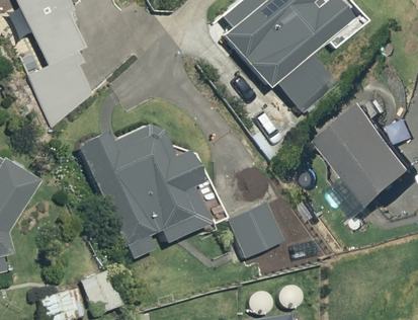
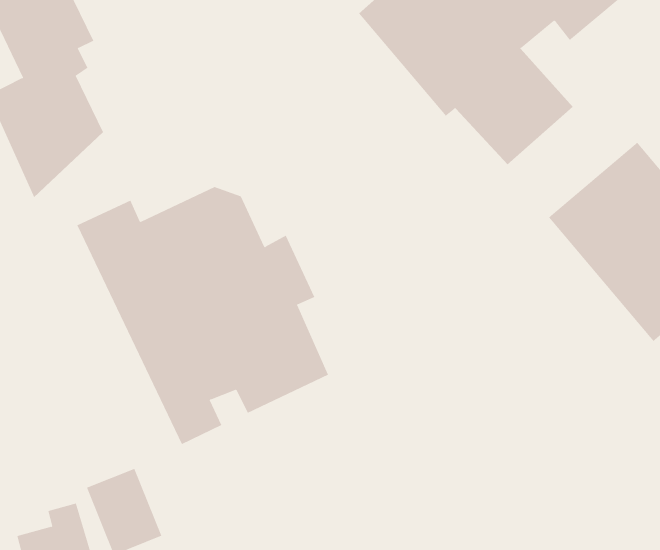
building: [229,203,283,256] -> none

